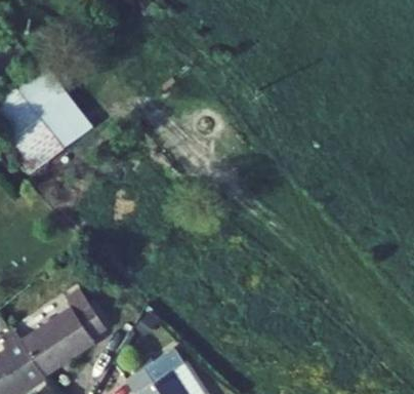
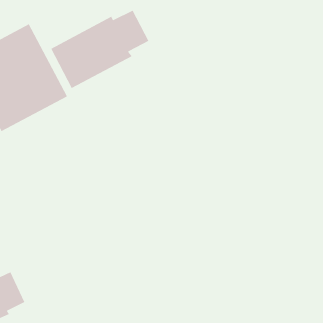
building: none -> [50,10,149,89]

